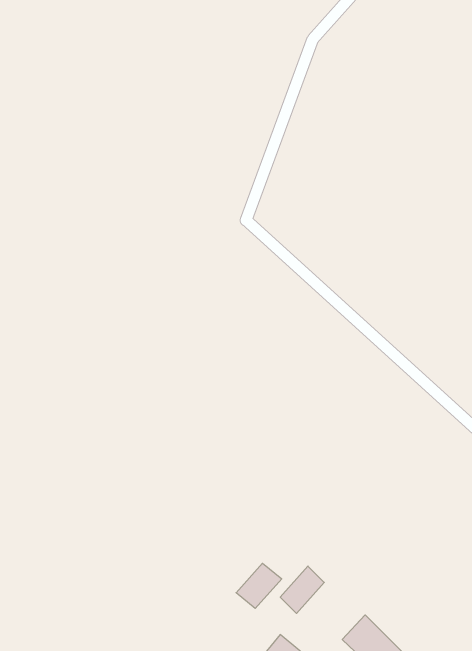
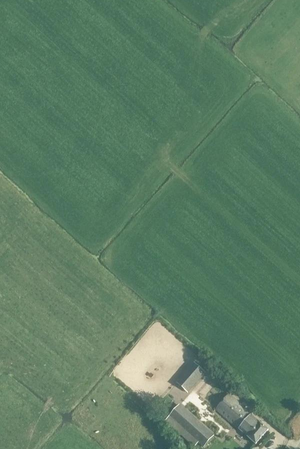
building: [236,563,282,608] -> none

